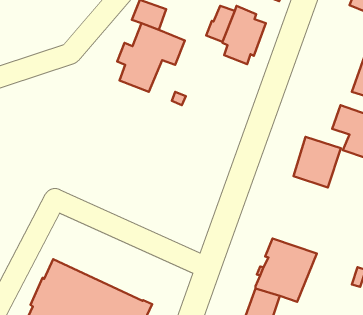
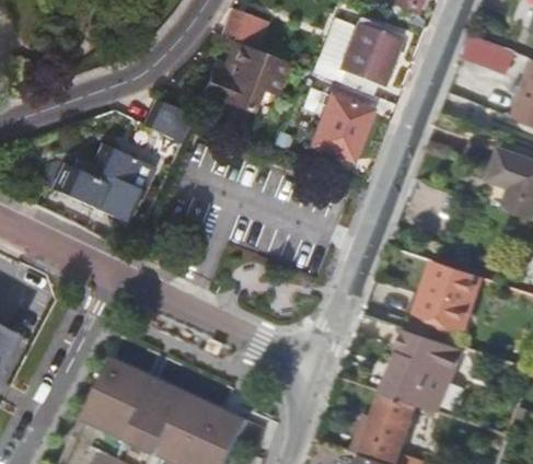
building: none -> [463,32,520,74]
building: none -> [303,90,372,161]
building: none -> [148,100,194,140]
building: none -> [55,143,141,223]
building: [293,137,341,188] -> [418,262,482,329]

